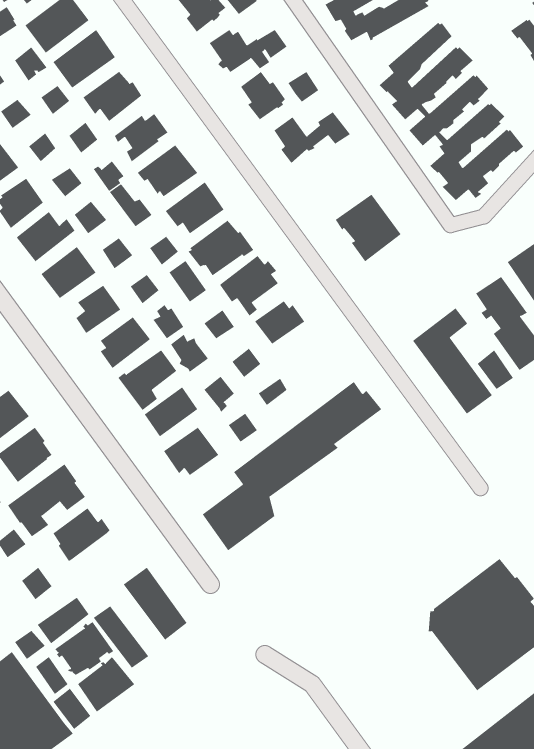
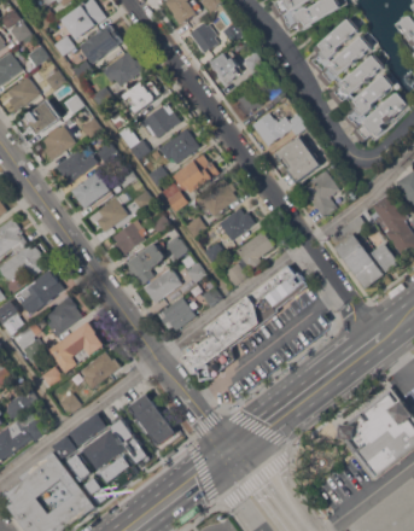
building: none -> [252,113,308,147]
building: none -> [302,171,339,218]
building: none -> [235,232,273,269]

